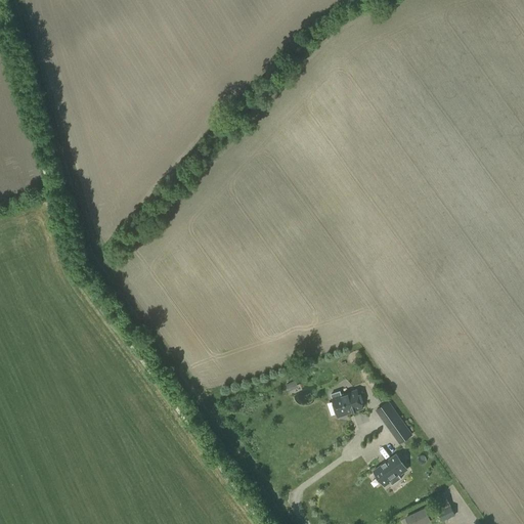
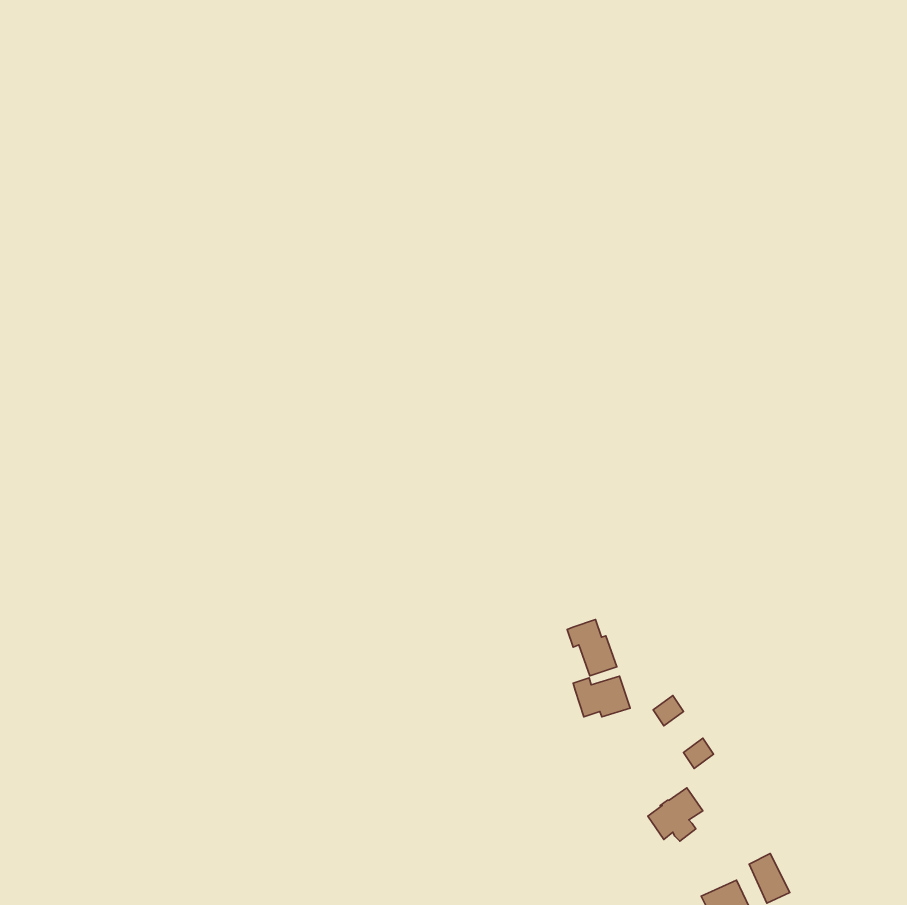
building: none -> [567,619,617,676]

